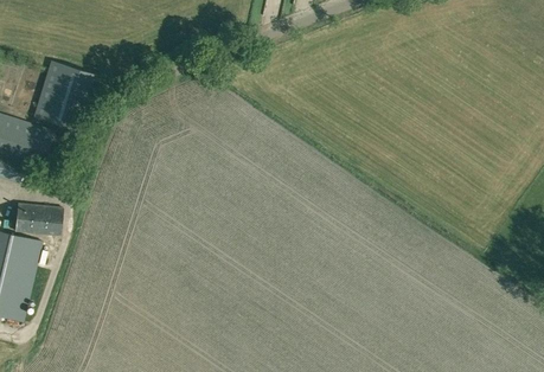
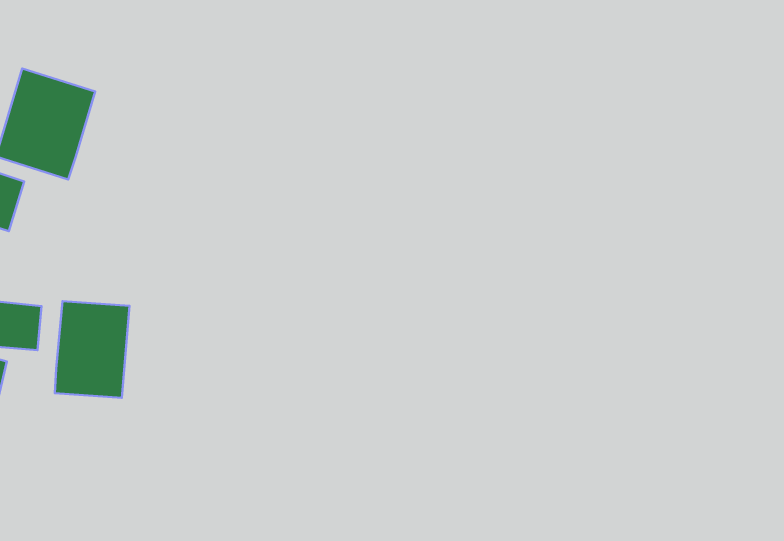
building: none -> [55,301,129,398]

